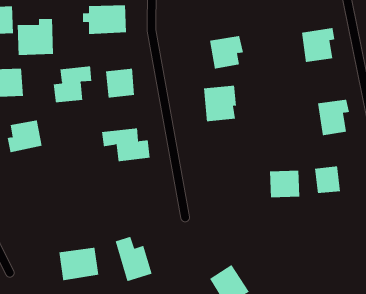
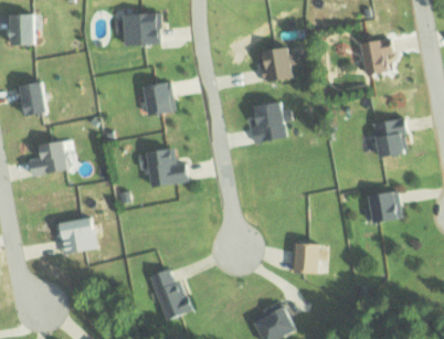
building: [17,18,53,56] -> none
building: [53,65,92,103] -> none
building: [269,170,300,198] -> [288,242,323,273]
building: [58,247,99,281] -> [52,218,97,255]

